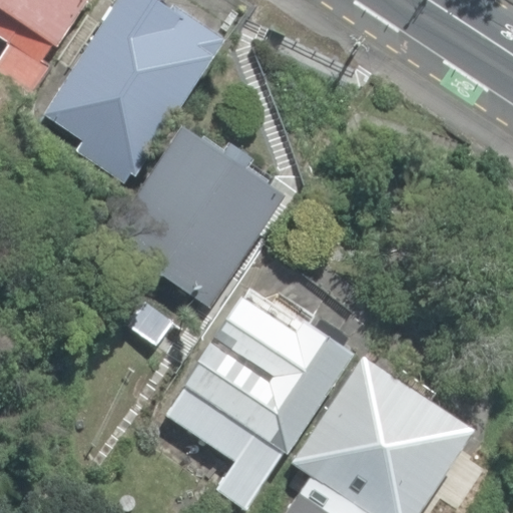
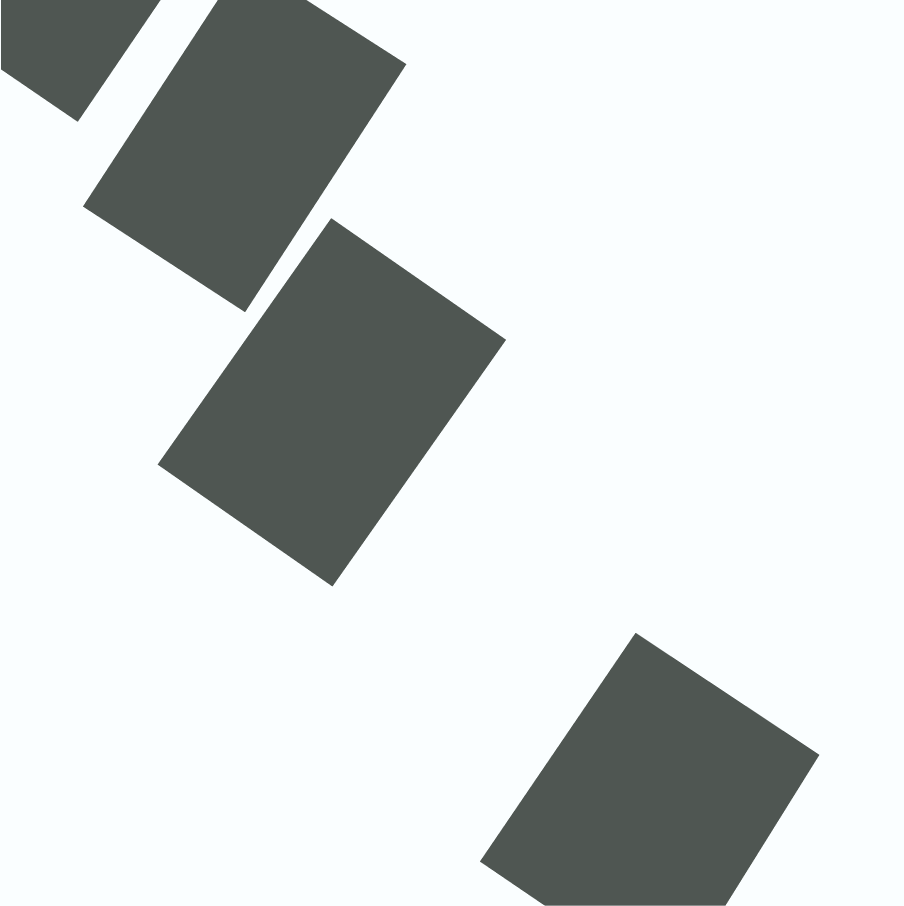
building: [151,292,343,488] -> none

